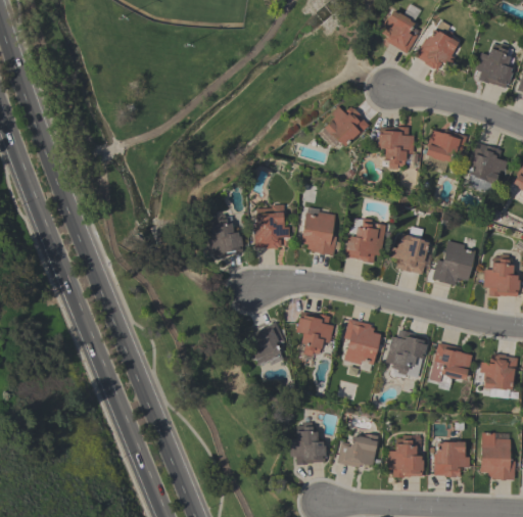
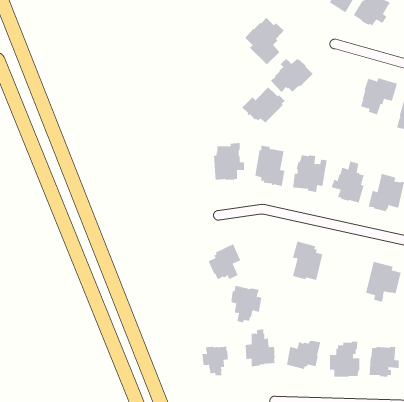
building: none -> [244,17,285,65]
building: [376,127,414,169] -> none
building: none -> [241,86,286,123]
building: [205,208,242,259] -> none
building: [296,312,333,356] -> [230,285,262,323]
building: [385,330,427,377] -> none
building: none -> [202,346,229,376]

